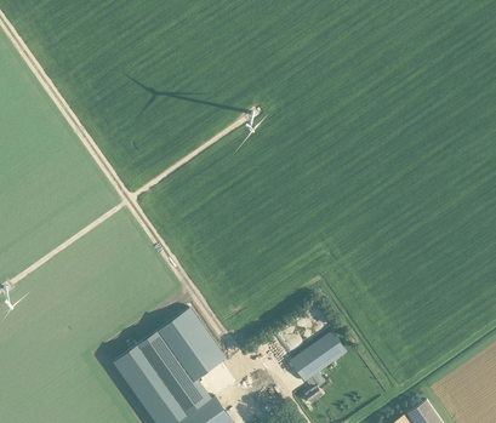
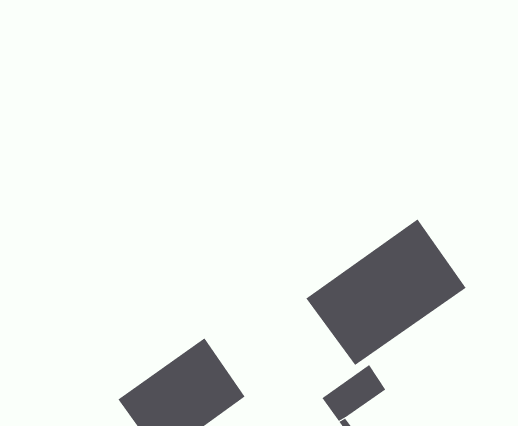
building: none -> [306,219,466,366]

